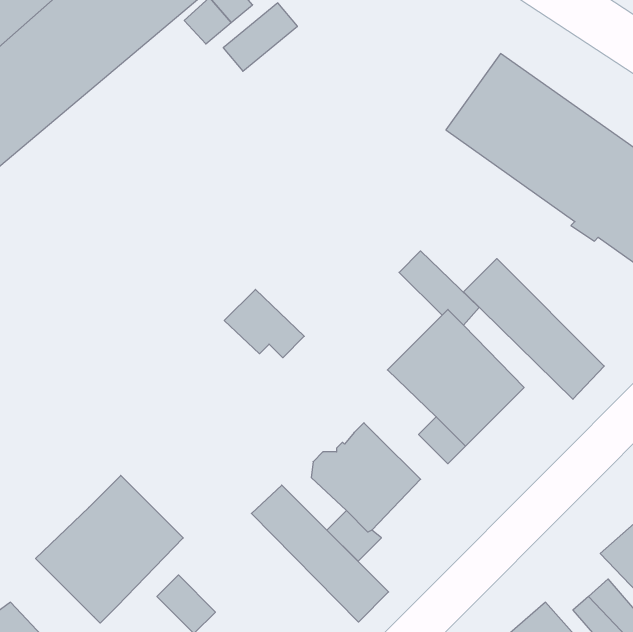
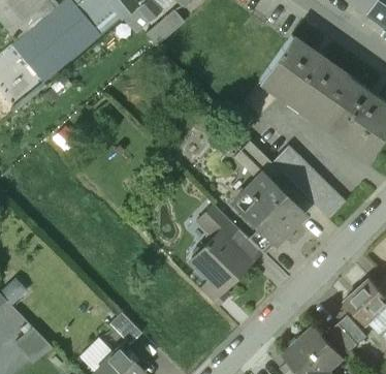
building: [224,289,304,358] -> [195,202,237,239]
building: [36,475,183,623] -> none
building: [251,485,389,622] -> none

